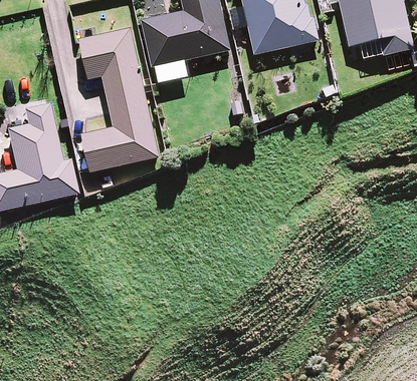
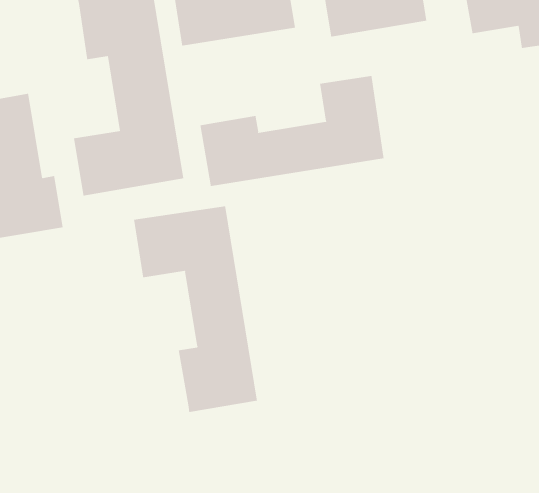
building: none -> [200,75,384,187]
building: none -> [134,206,257,413]

